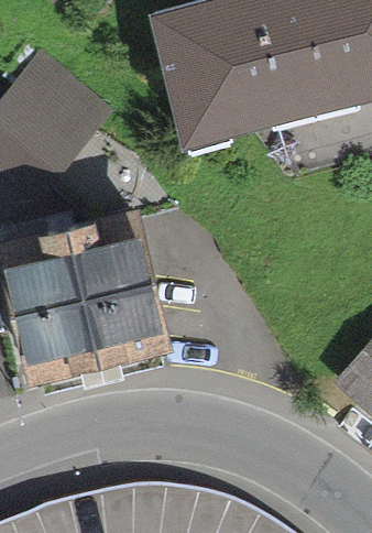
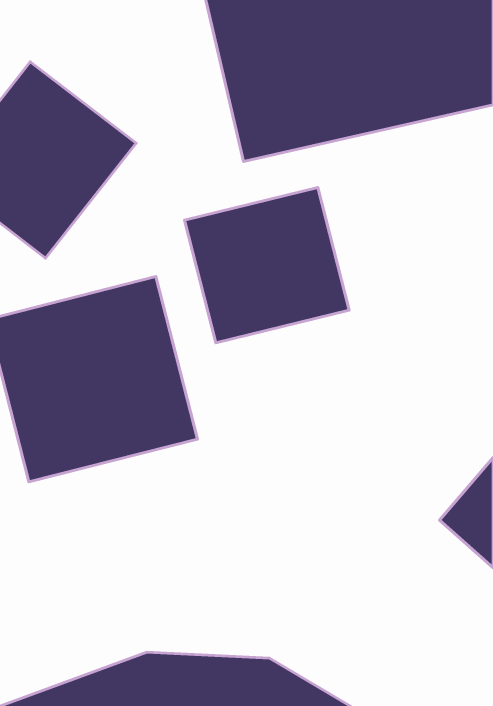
building: none -> [184,188,349,343]

